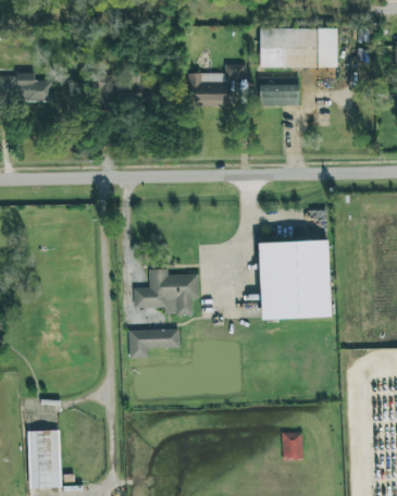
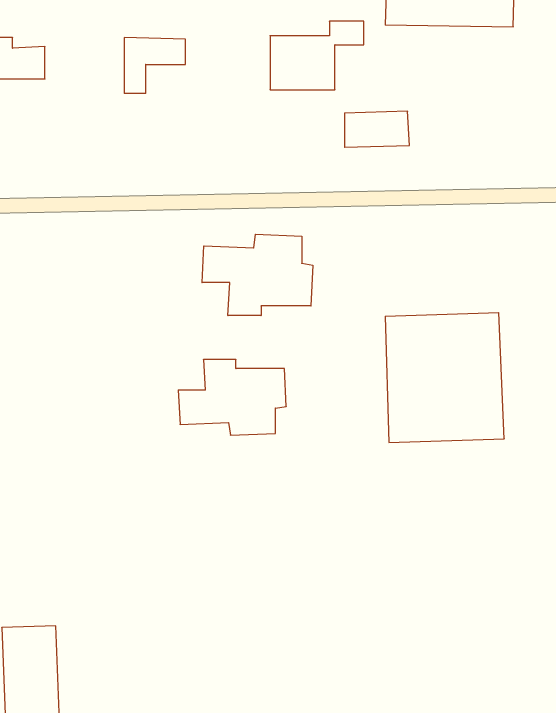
building: [260,84,299,106] -> [345,111,409,147]
building: none -> [202,234,313,316]
building: [128,328,179,358] -> none
building: [282,432,303,460] -> none

